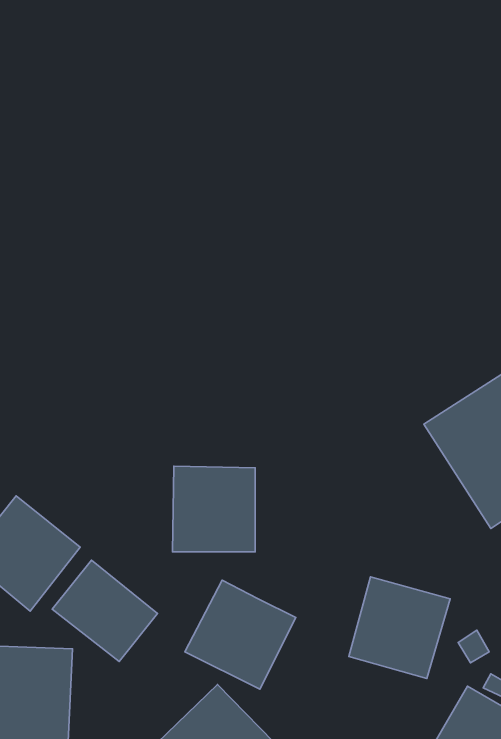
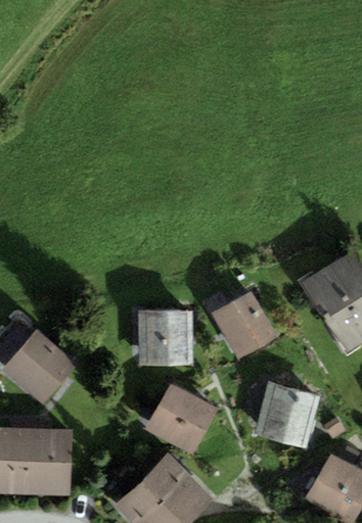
building: none -> [213,292,275,359]
building: [52,560,158,662] -> none

